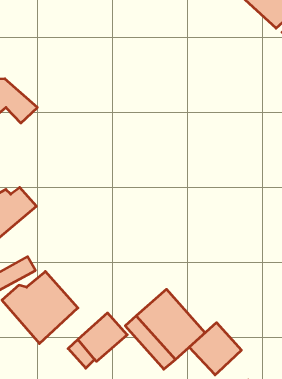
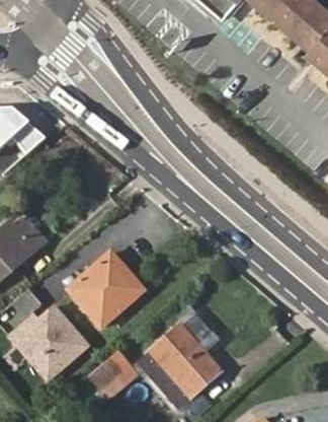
building: none -> [70,251,146,327]
building: [189,323,241,375] -> none

